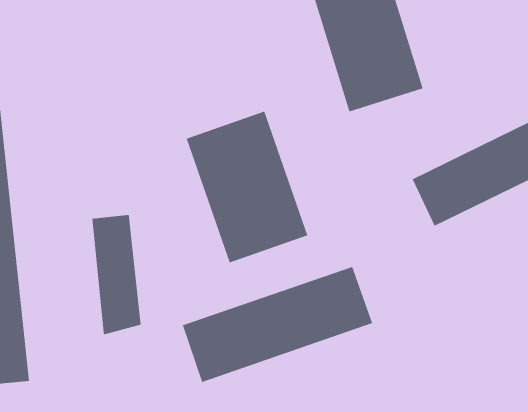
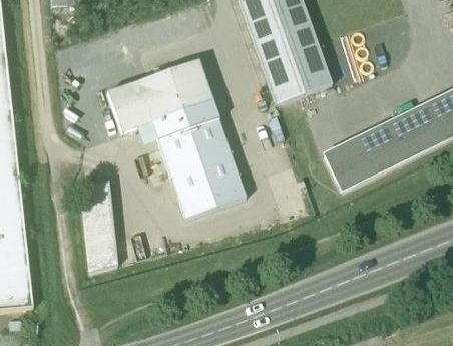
building: none -> [106,60,211,133]
building: [182,266,373,383] -> none

